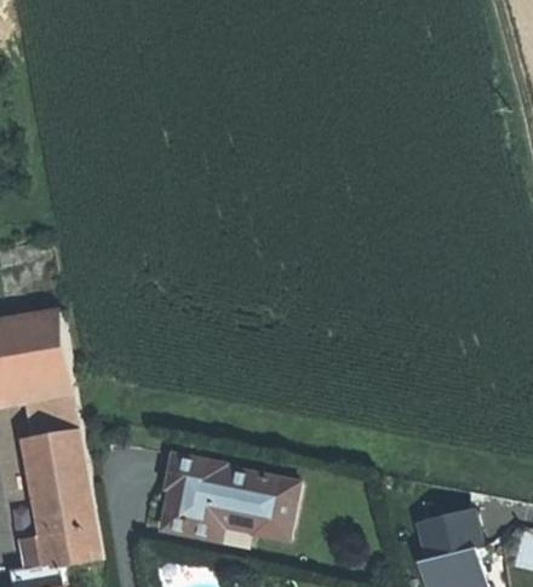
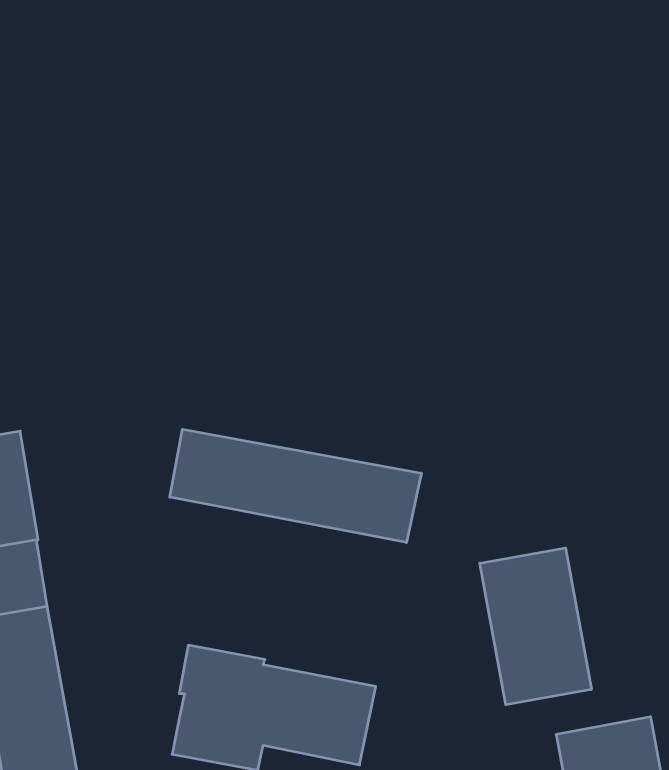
building: none -> [170,429,421,543]
building: none -> [480,548,591,705]

